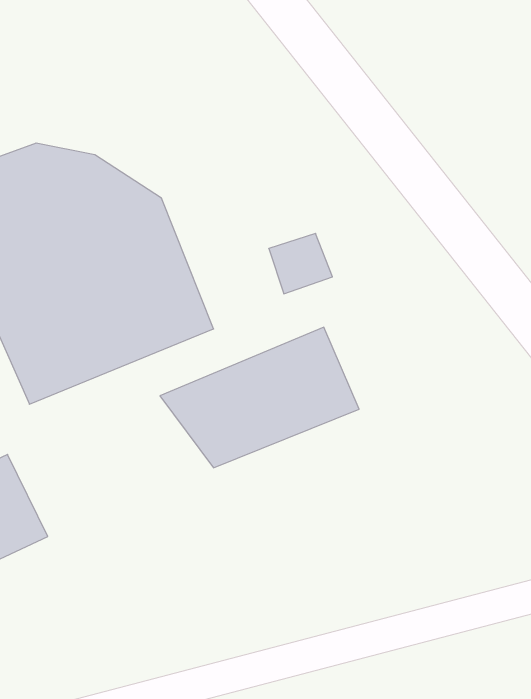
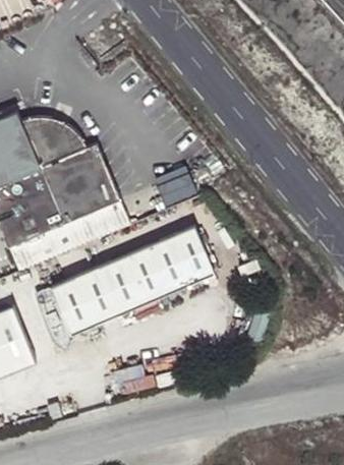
building: none -> [53,269,130,336]

